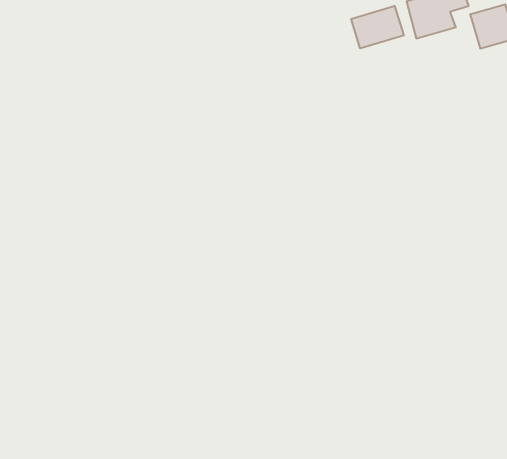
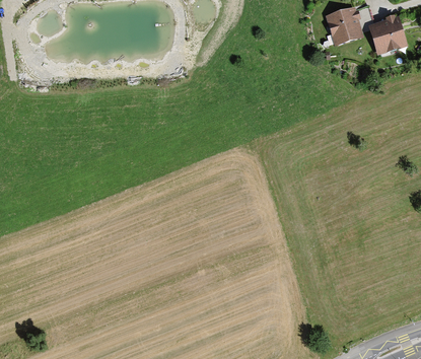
building: [351,6,404,48] -> none

